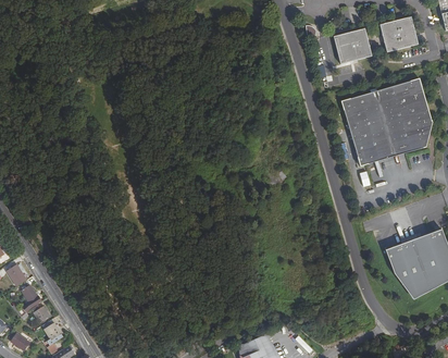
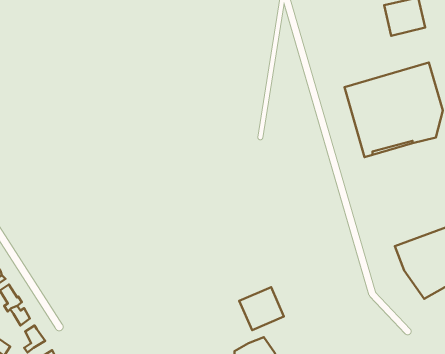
building: [332,28,370,64] -> none
building: none -> [239,287,284,330]

